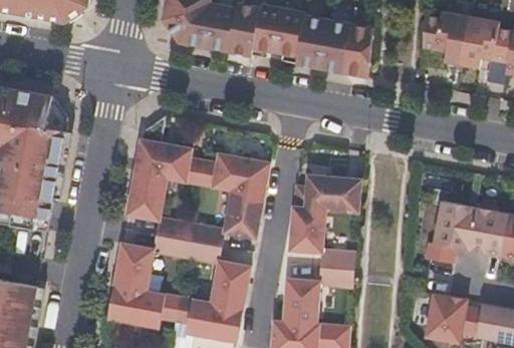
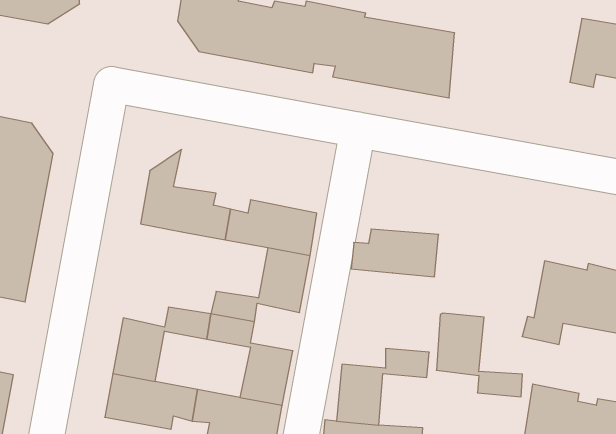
building: [422,11,469,64] -> none
building: [126,171,192,240] -> none
building: [289,206,354,269] -> [436,313,522,397]

